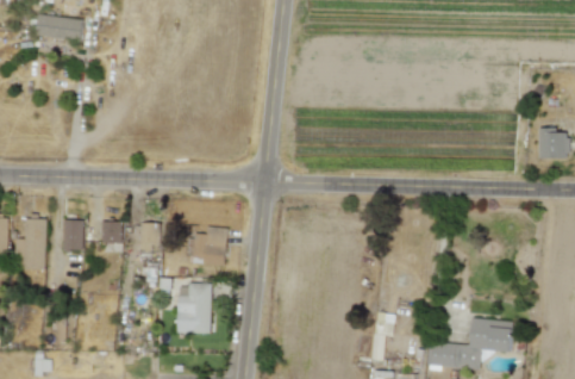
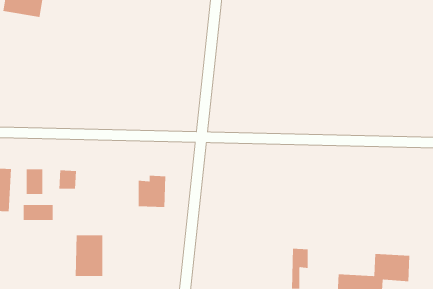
building: [140,222,158,254] -> none
building: none -> [23,204,53,221]
building: [177,284,211,333] -> [75,235,103,277]

